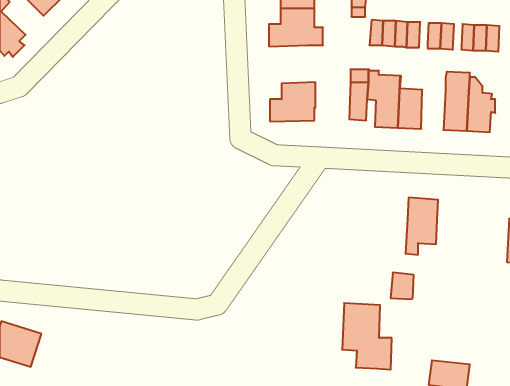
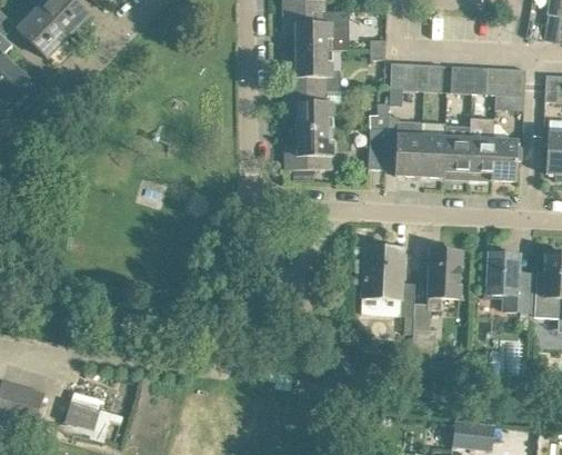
building: none -> [284,89,333,129]
building: none -> [444,122,470,178]
building: none -> [486,253,532,329]
building: [342,303,392,370] -> [363,246,415,316]
building: none -> [70,402,98,433]

